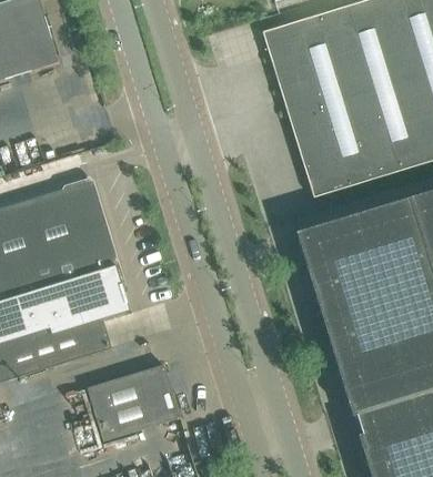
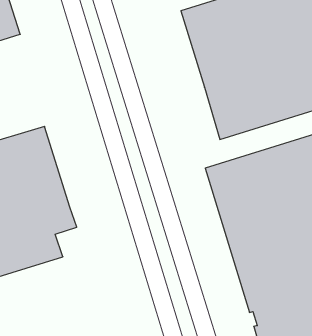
building: [87,364,180,440] -> none

